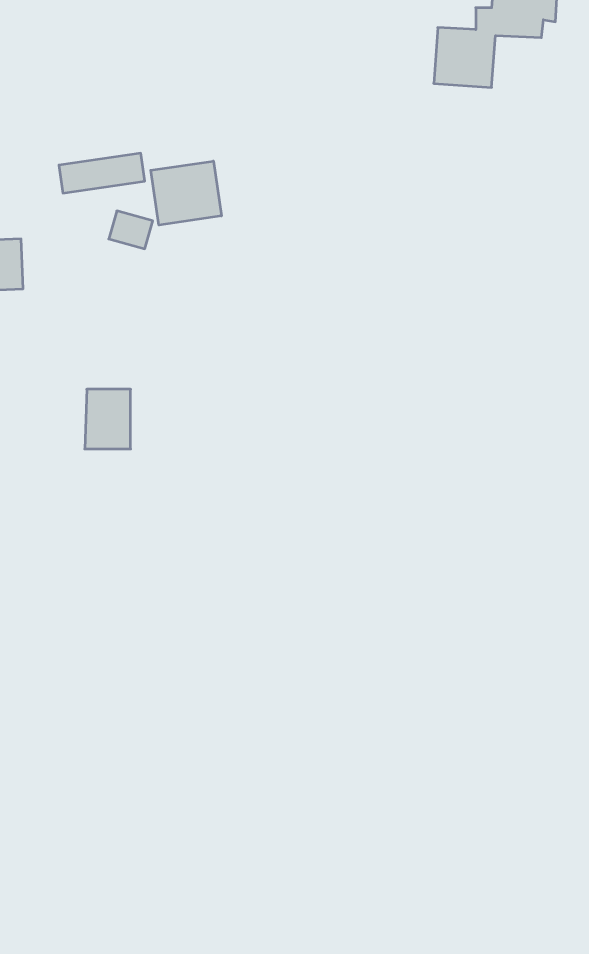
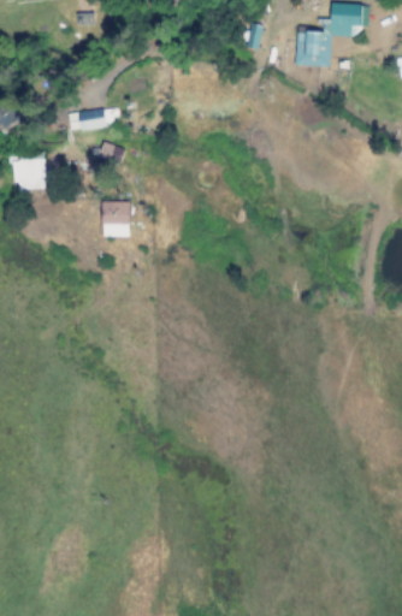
building: [151,161,221,225] -> none
building: [85,389,131,449] -> [100,200,128,236]

